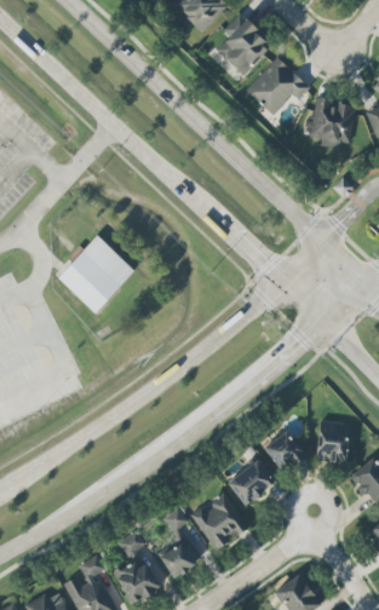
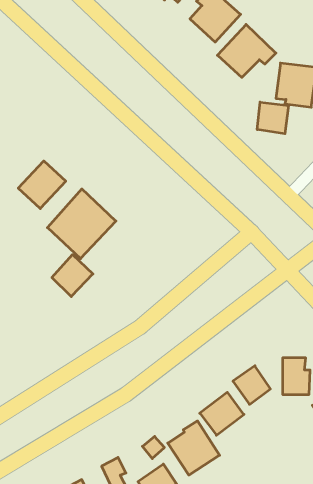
building: none -> [257,102,289,134]
building: none -> [18,161,66,209]
building: none -> [52,255,93,297]

